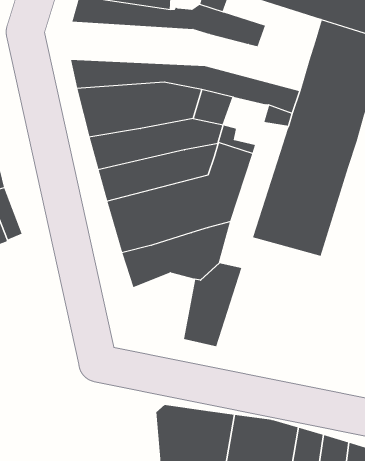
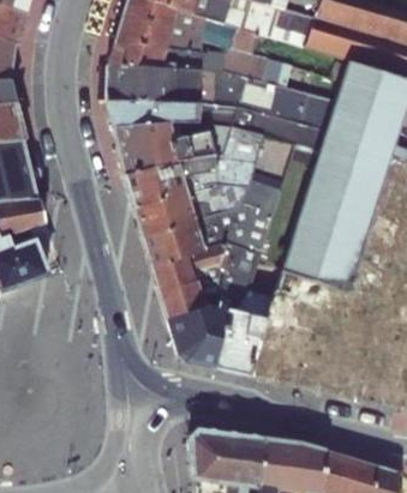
building: none -> [107,62,335,128]
building: none -> [167,302,226,366]

